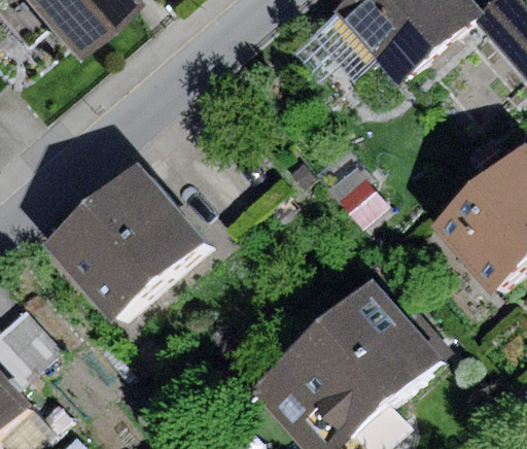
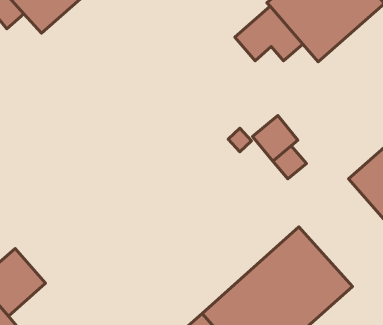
building: [43,162,204,320] -> none

